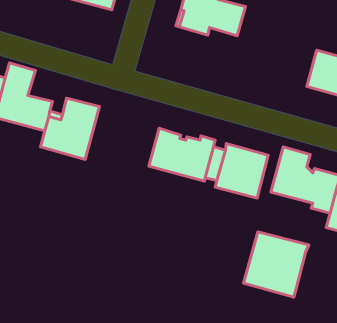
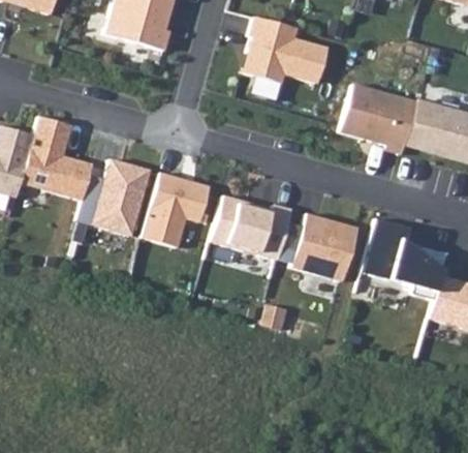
building: none -> [340,84,416,154]
building: none -> [143,173,210,247]
building: [243,232,309,297] -> none

